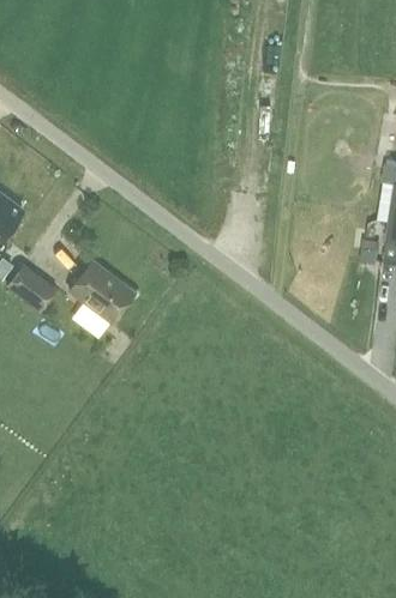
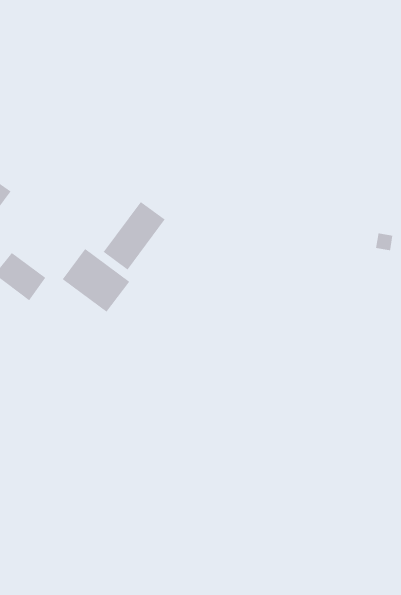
building: none -> [103,201,166,270]

